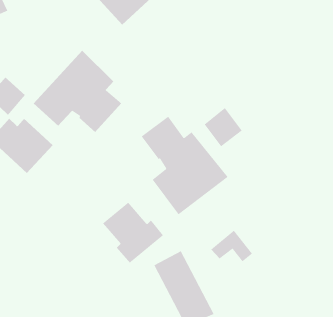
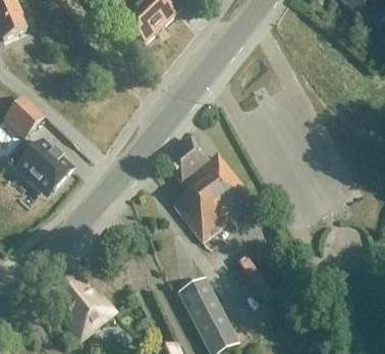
building: [33,50,122,133] -> none
building: [204,107,242,147] -> none
building: [102,202,164,264] -> [51,273,115,338]

